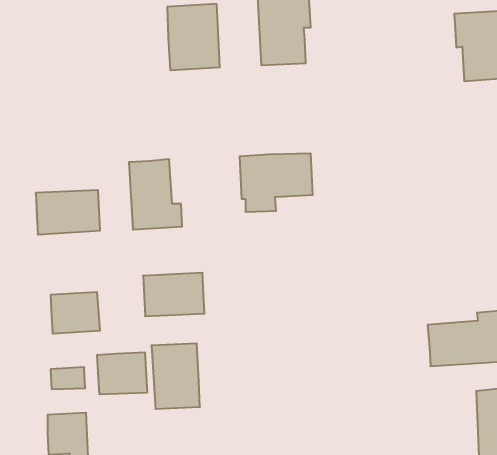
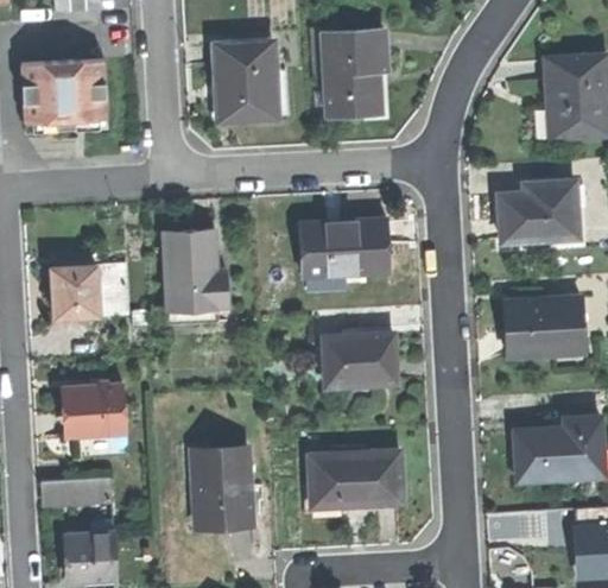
building: none -> [20,63,106,132]
building: none -> [506,176,587,238]
building: none -> [513,293,591,353]
building: [143,273,205,316] -> [318,336,392,388]
building: none -> [306,453,398,511]
building: [97,352,147,394] -> none

